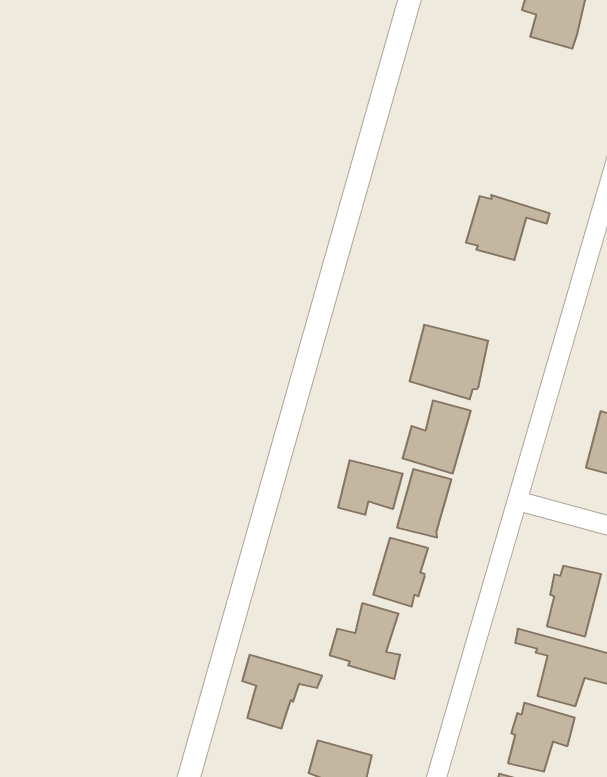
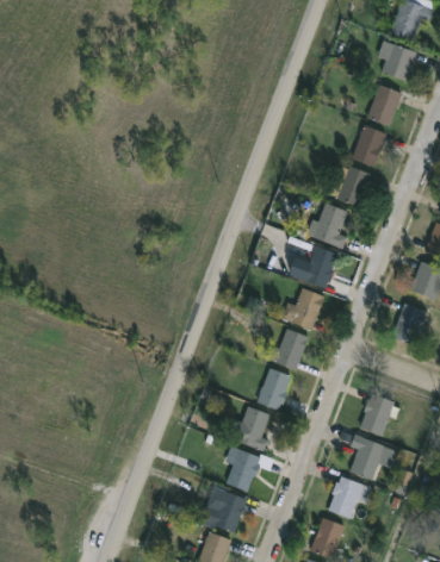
building: none -> [366,83,402,126]
building: none -> [351,124,386,168]
building: none -> [305,202,347,249]
building: [338,460,403,515] -> none
building: [242,655,322,728] -> [224,445,273,492]

